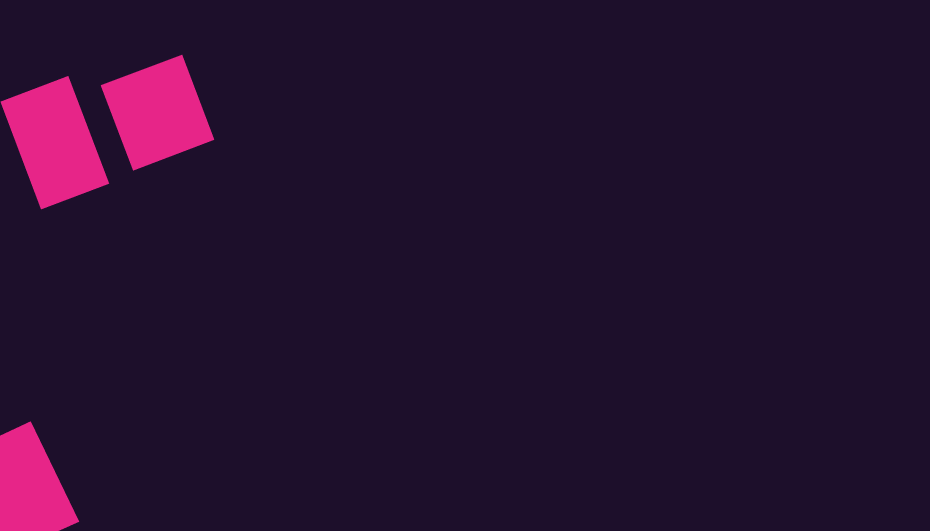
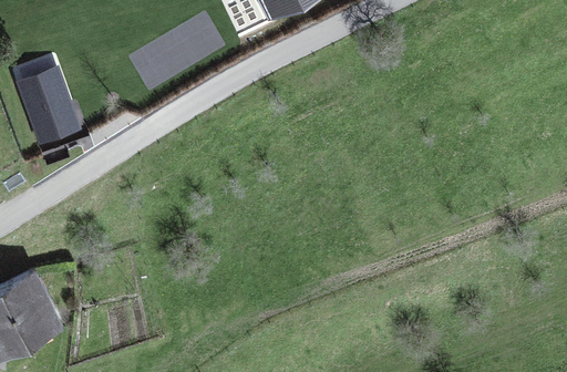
building: [100,54,215,171] -> none

